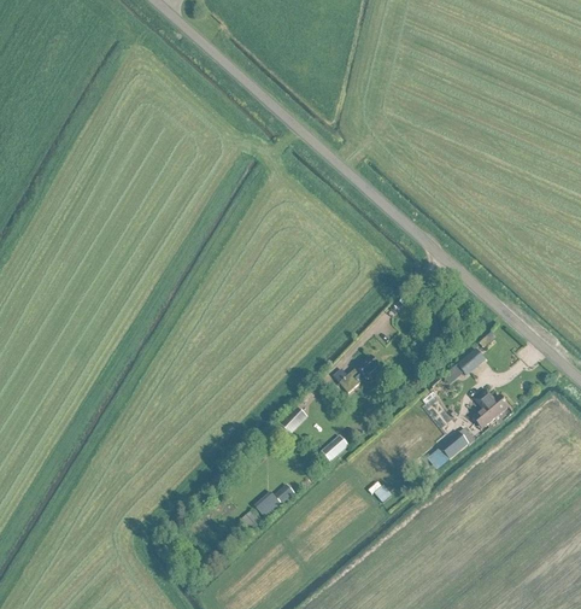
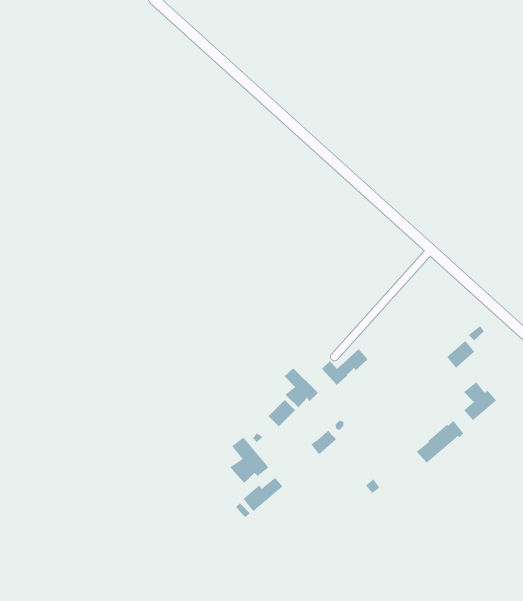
building: none -> [284,367,319,408]
building: none -> [229,436,269,484]

